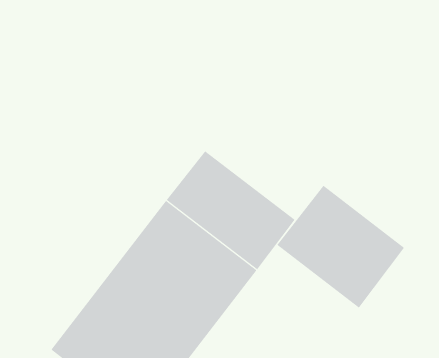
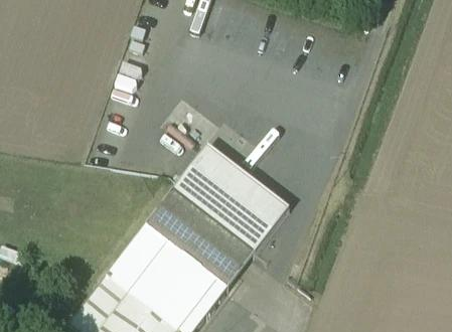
building: [276,185,405,309] -> none

